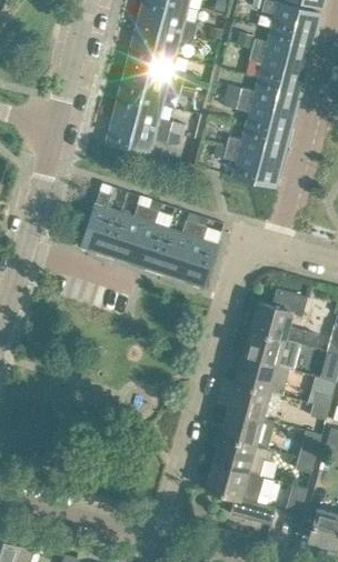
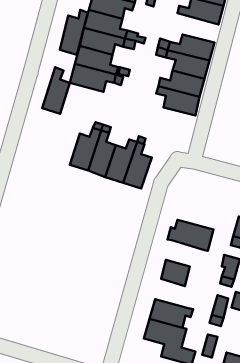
building: none -> [60,10,88,55]
building: [248,49,307,89] -> none
building: [81,191,119,254] -> [42,67,70,114]
building: [251,289,318,347] -> none
building: [236,357,288,397] -> none
building: [221,409,274,449] -> none

